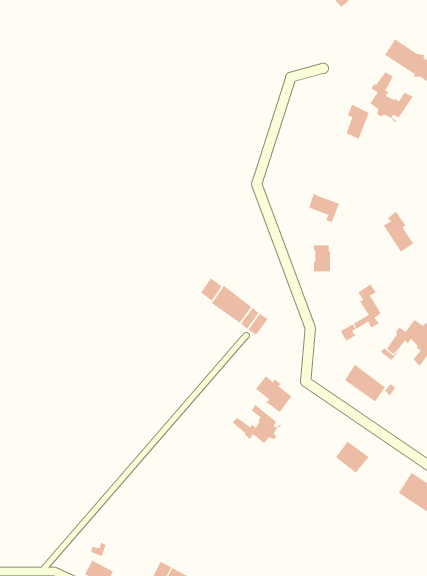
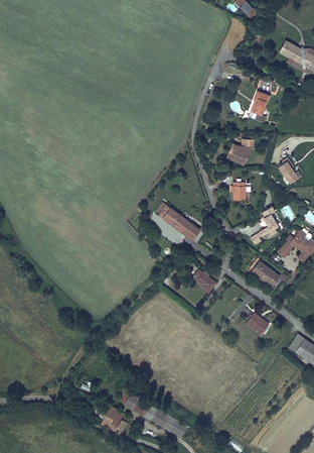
building: [369,71,413,123] -> none
building: [232,404,282,444] -> none

